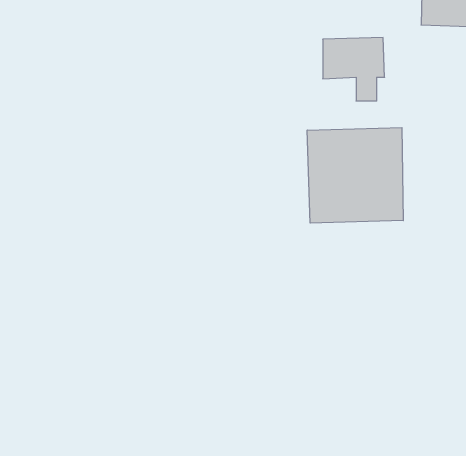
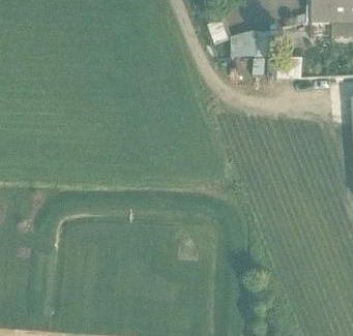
building: [307,128,403,223] -> none

